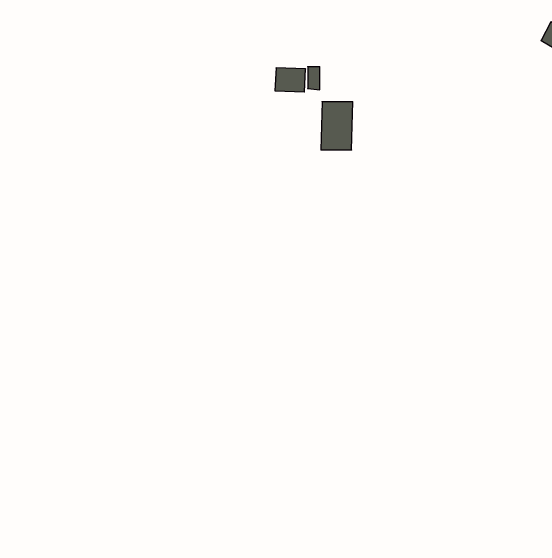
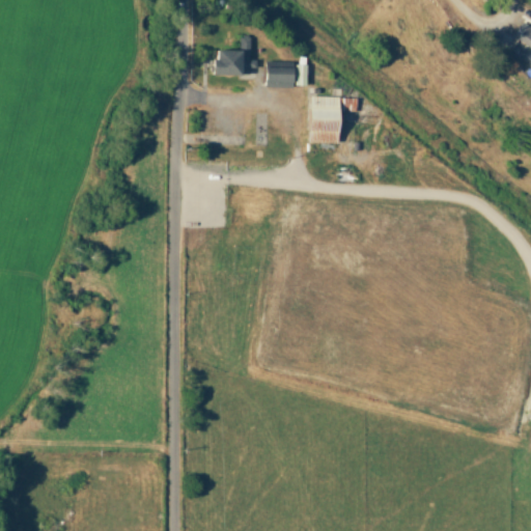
building: none -> [216,38,260,74]

